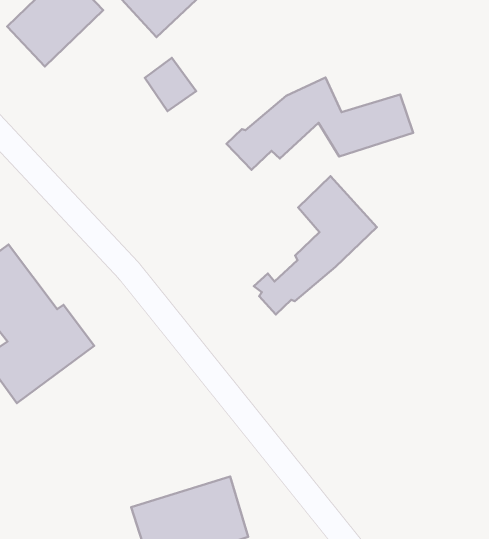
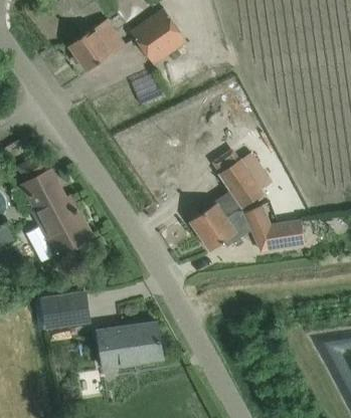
building: [227,78,413,170] -> [197,204,305,250]
building: none -> [42,293,89,328]

